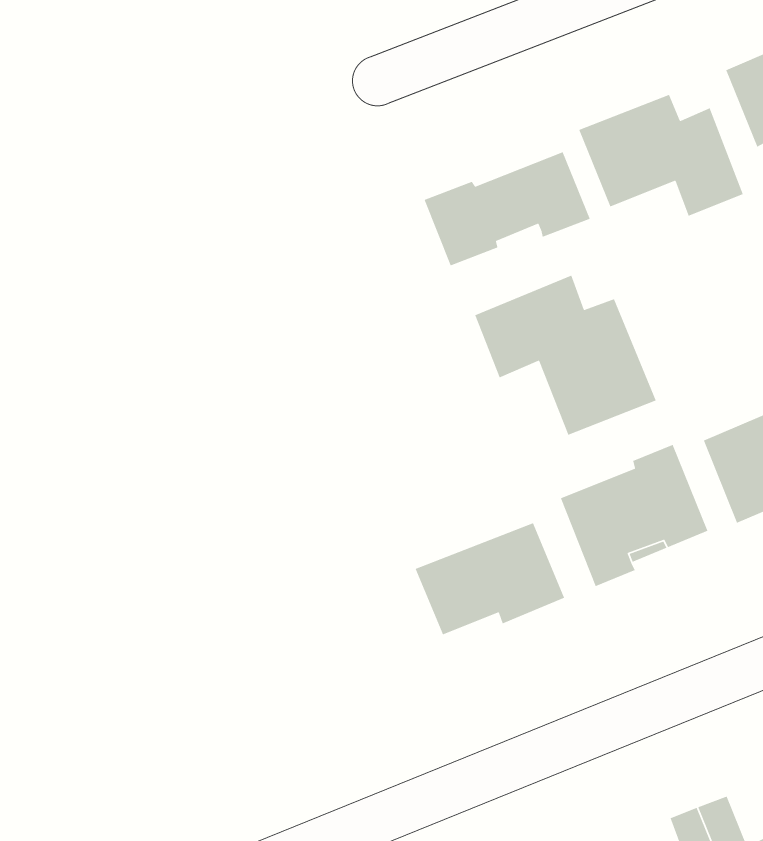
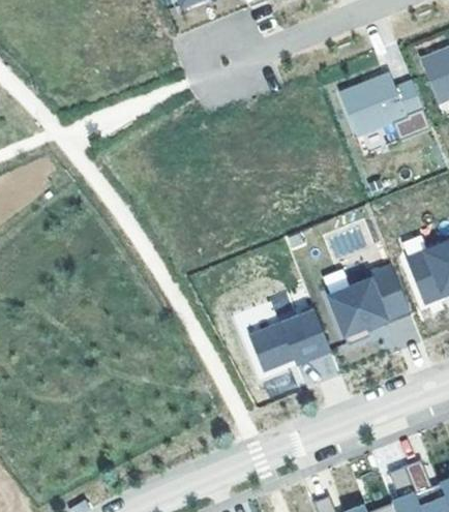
building: [424,151,591,267] -> none
building: [474,274,657,436] -> none

